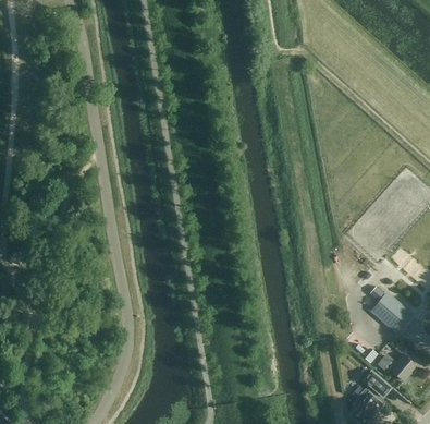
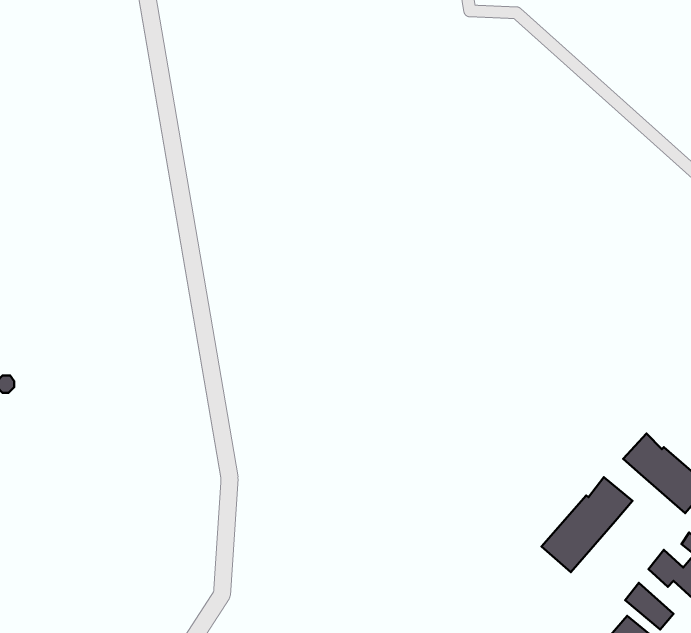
building: none -> [542,477,633,572]

